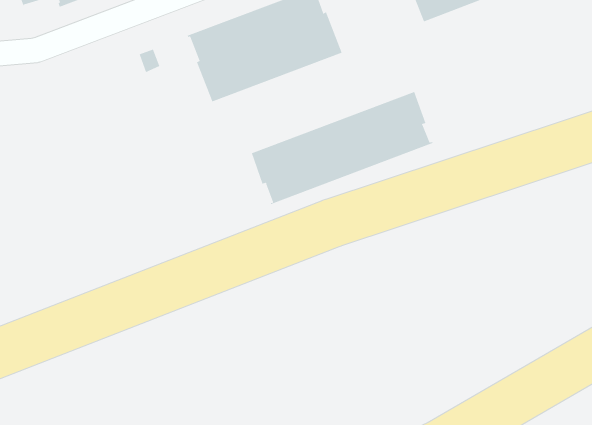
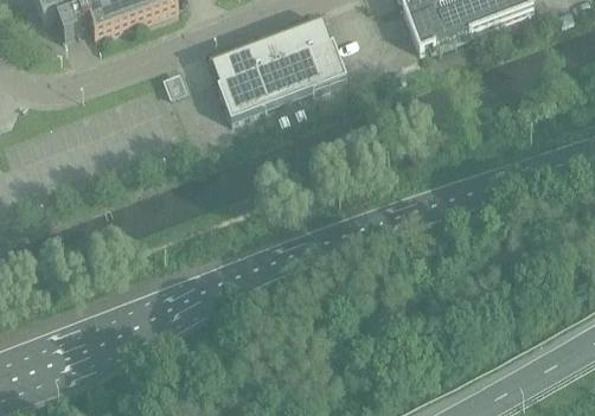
building: [251,91,434,205] -> none

